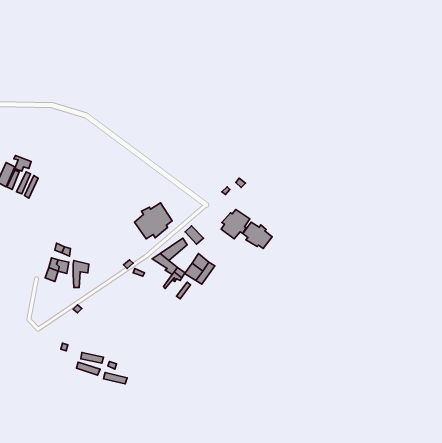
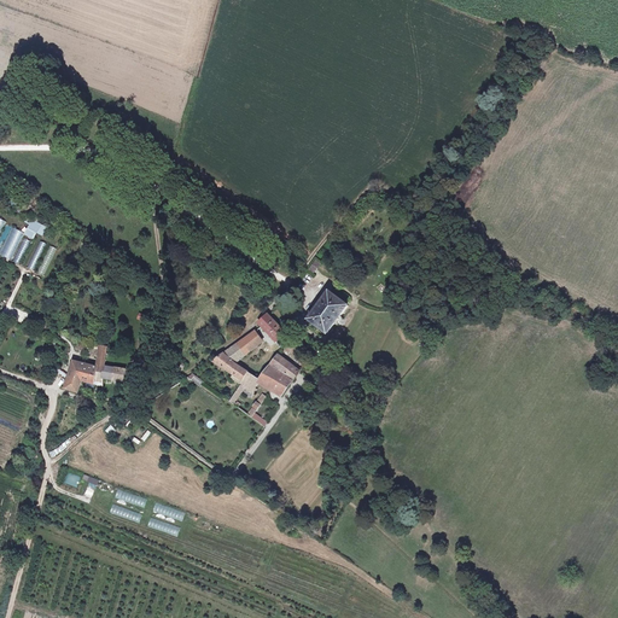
building: [135,203,172,239] -> none
building: [243,222,272,248] -> none

